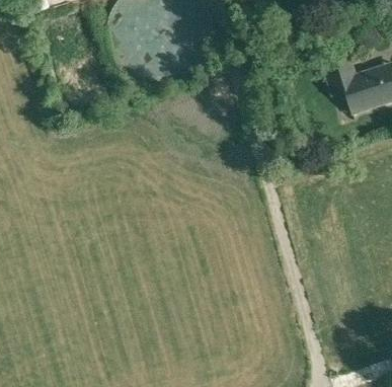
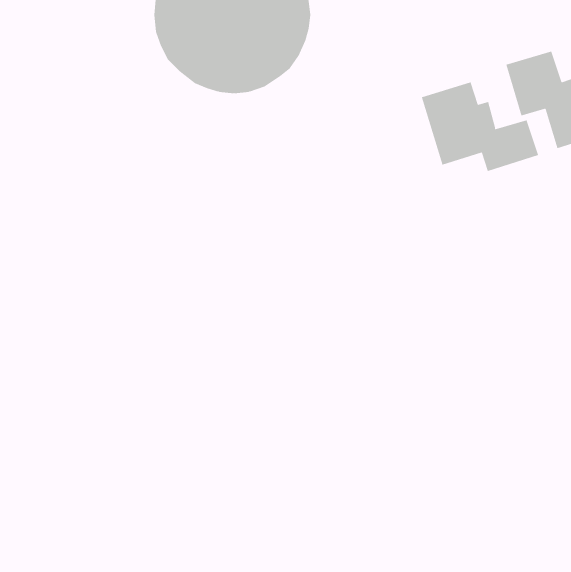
building: none -> [421,81,539,172]

